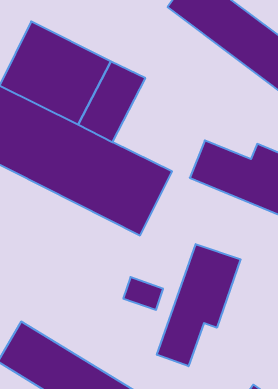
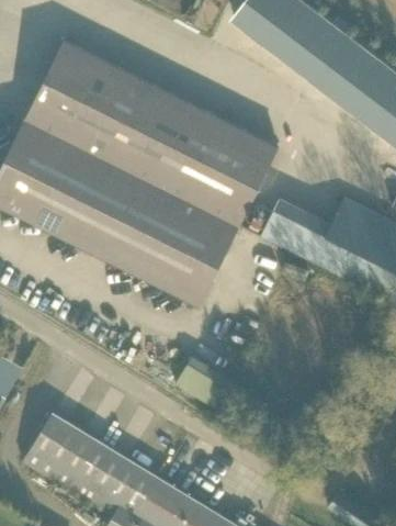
building: none -> [165,112,278,227]
building: [157,244,241,366] -> none

